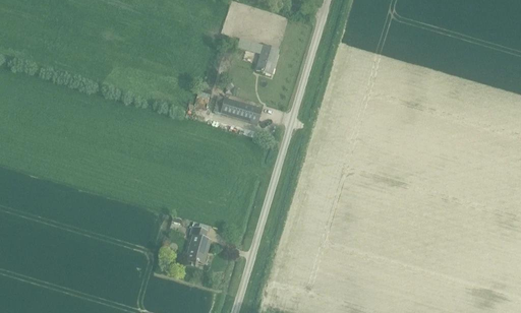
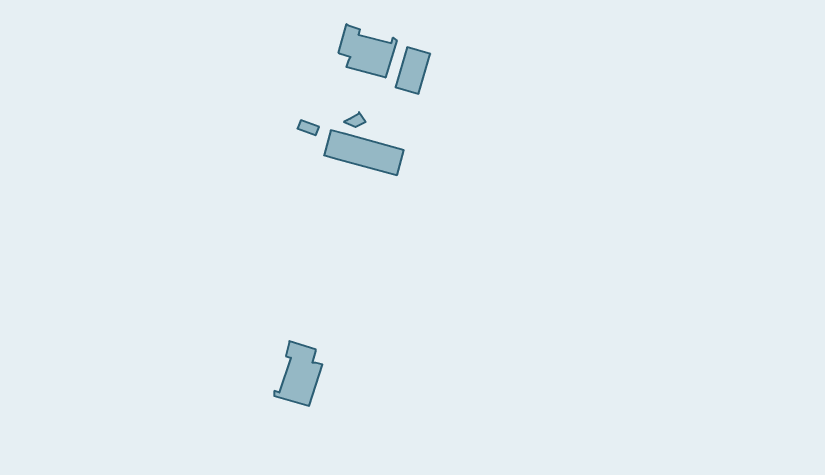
building: none -> [339,24,397,78]

